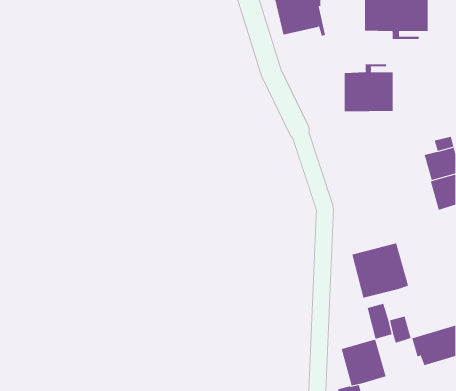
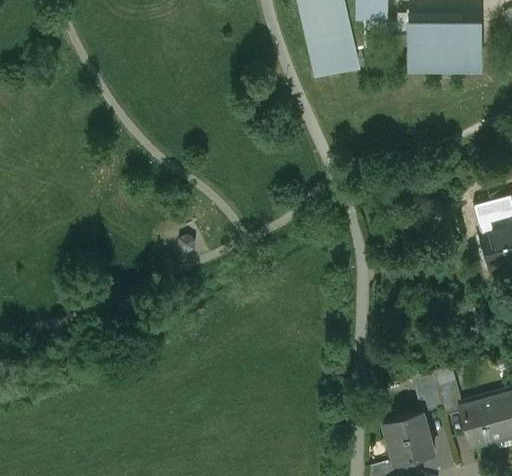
building: [344,63,393,112] -> none
building: [352,243,409,298] -> none

